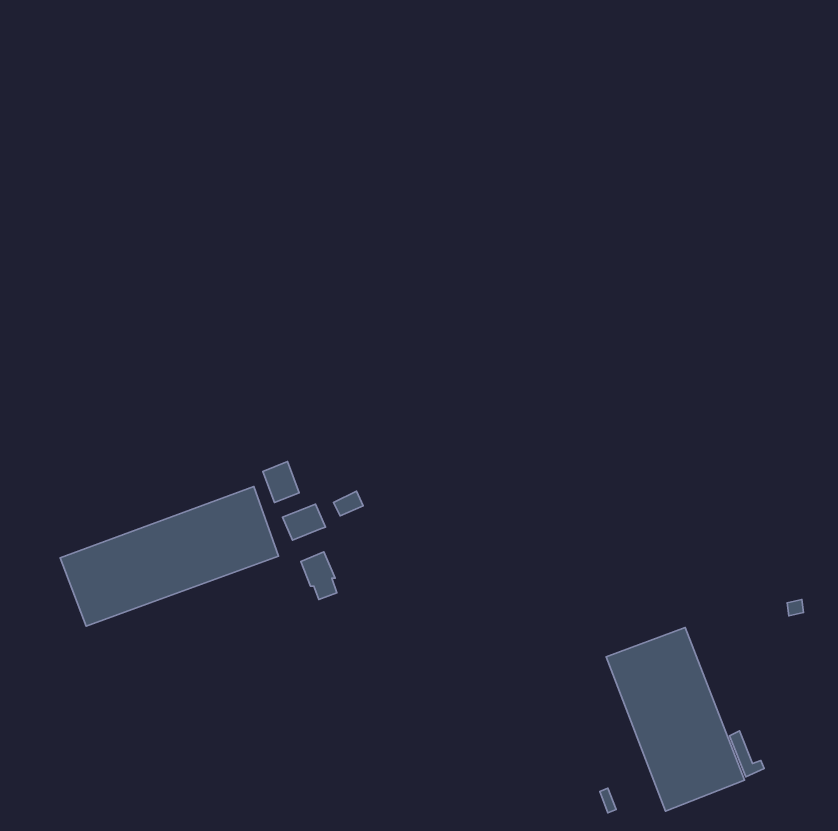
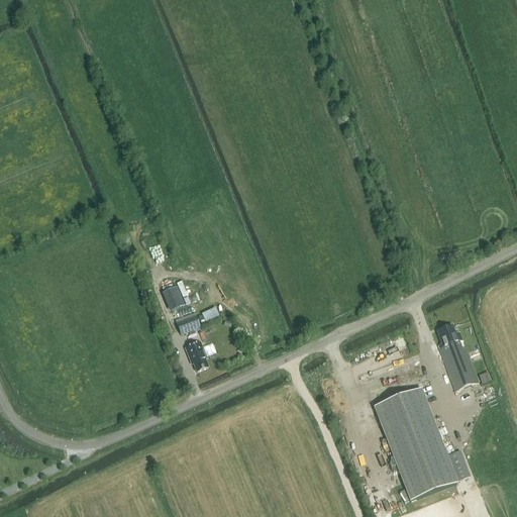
building: [60,486,278,626] -> none
building: none -> [435,322,479,389]

